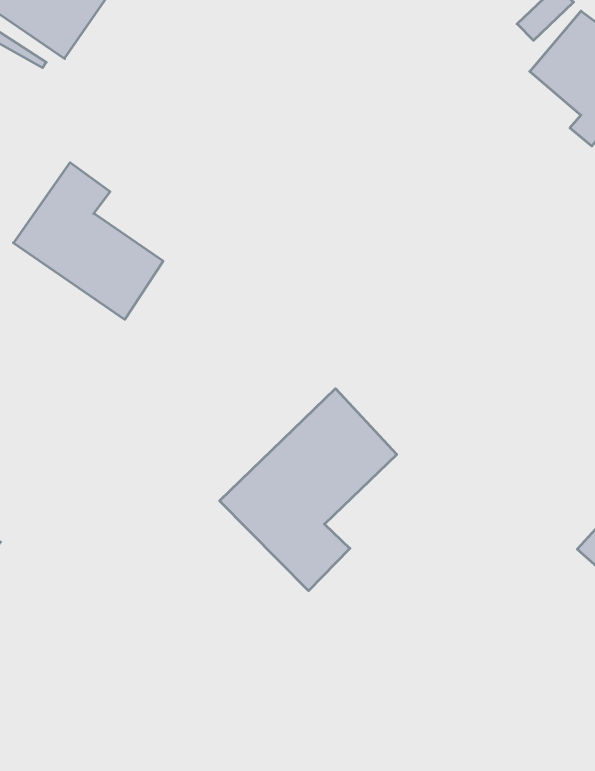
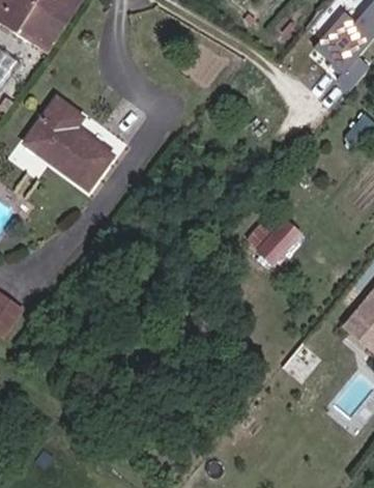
building: none -> [247,211,308,261]
building: [220,389,397,591] -> none

